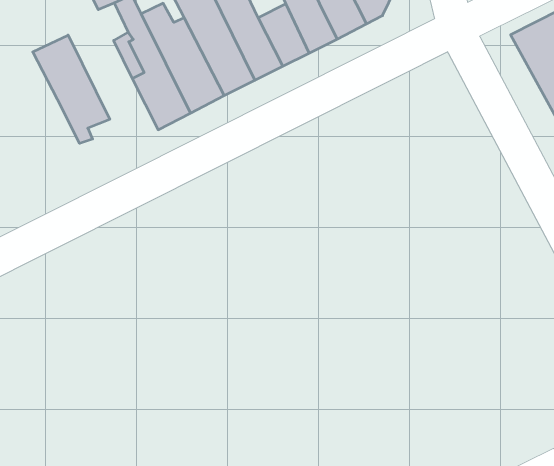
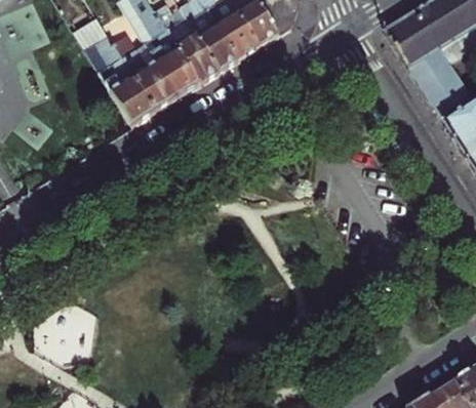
building: [33,35,110,143] -> none

